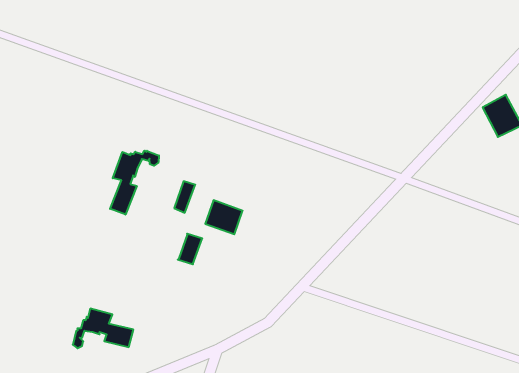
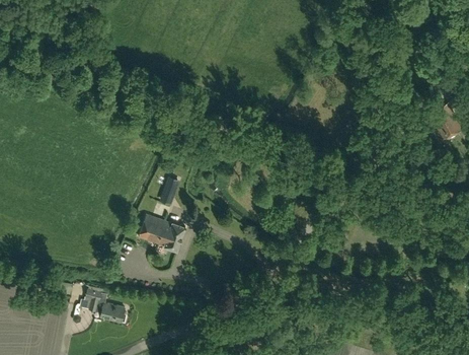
building: [110,151,159,215] -> none
building: [205,200,243,234] -> [140,214,172,243]

